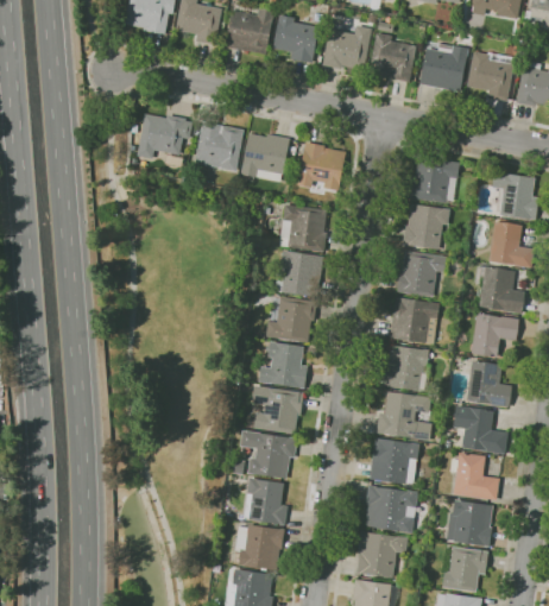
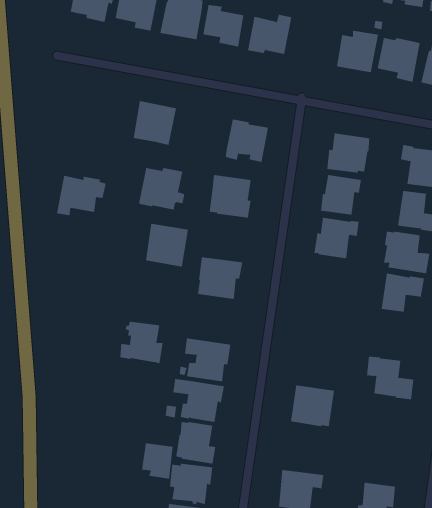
building: [370,32,416,81] -> none
building: [137,113,193,158] -> [56,175,106,216]
building: [240,133,292,181] -> [138,167,185,210]
building: [274,248,323,297] -> [145,223,189,267]
building: [390,296,440,342] -> none
building: [259,341,308,389] -> [120,321,163,364]
building: [383,345,429,390] -> none
building: [466,360,512,408] -> none
building: [376,391,433,441] -> none
building: [450,452,499,500] -> none
building: [366,485,417,532] -> none
building: [446,499,493,547] -> none
building: none -> [142,443,173,479]

